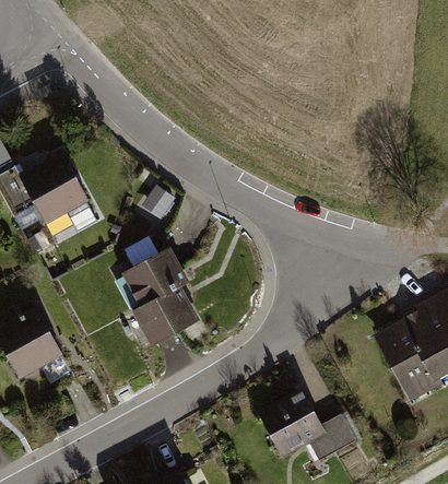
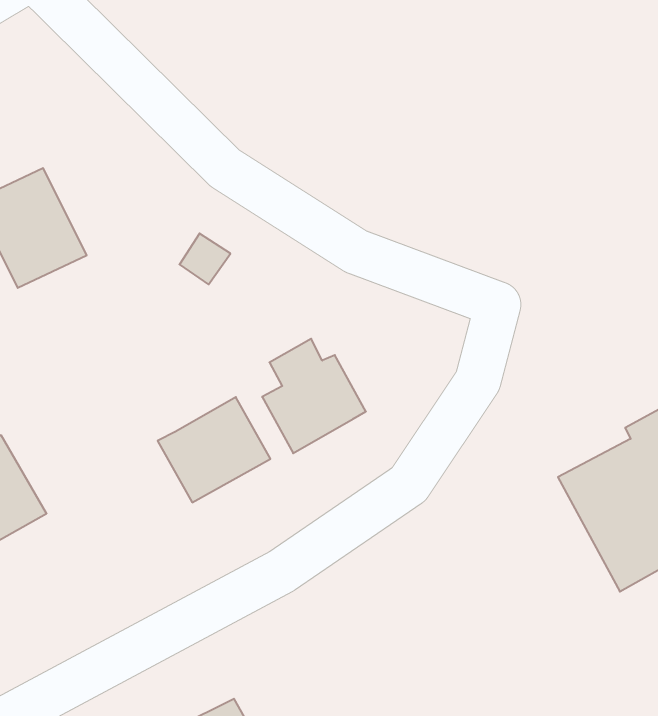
building: [125,239,187,308] -> [262,339,366,453]
building: [259,390,356,461] -> none

